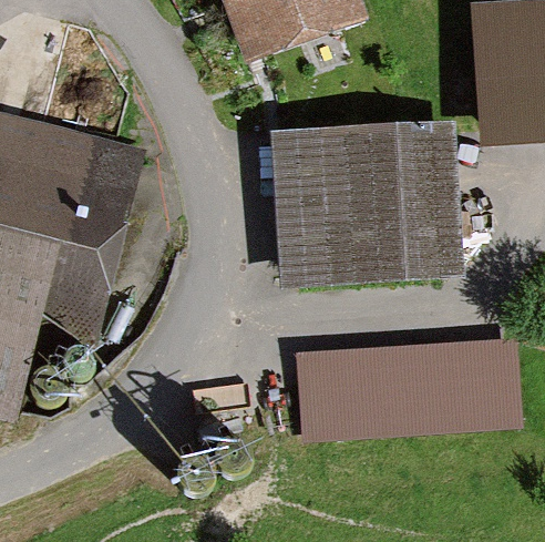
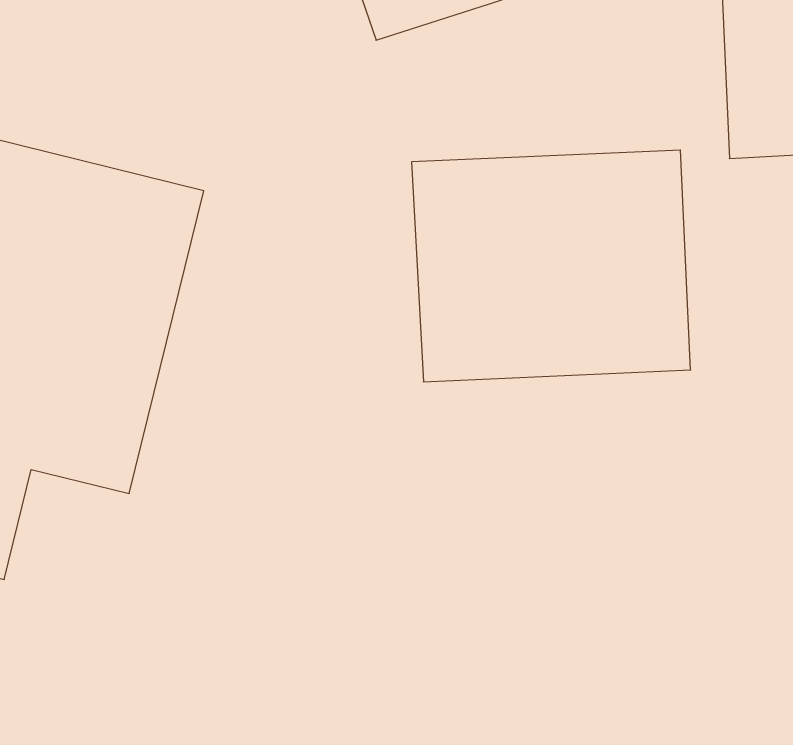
building: [300,342,518,434] -> none

